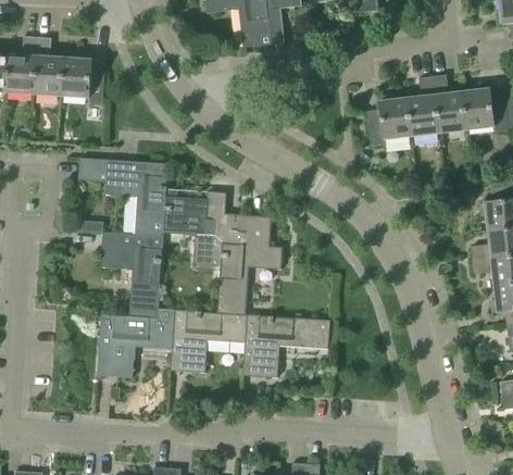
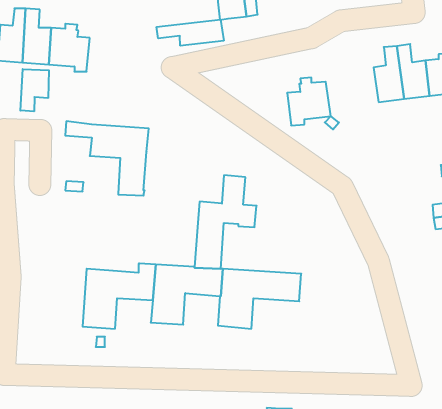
building: none -> [157,20,224,46]
building: [366,96,413,147] -> [287,78,331,125]
building: none -> [20,69,49,111]
building: [162,190,248,271] -> none
building: [100,233,162,320] -> none

